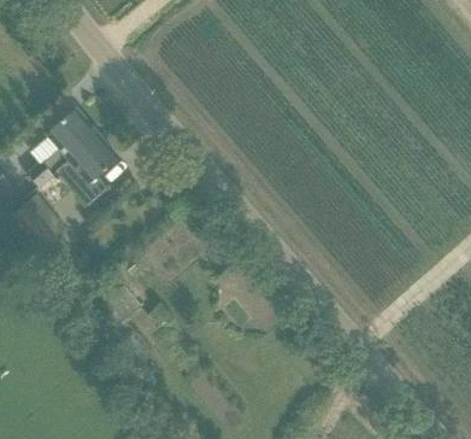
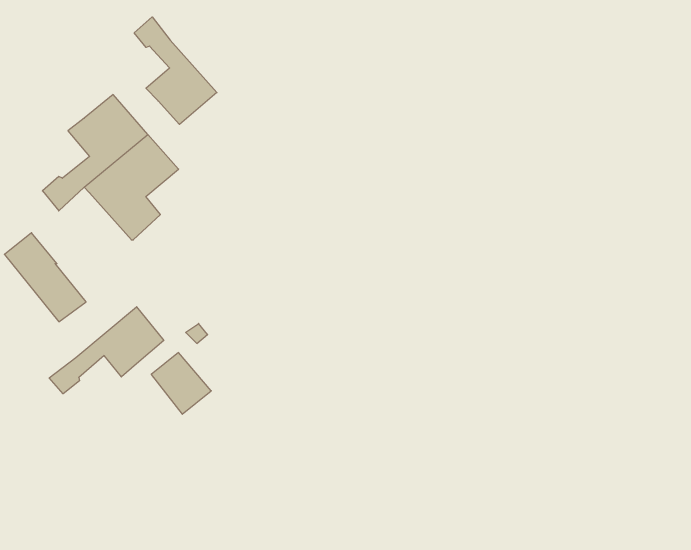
building: none -> [134,17,217,124]
building: none -> [49,307,164,394]

